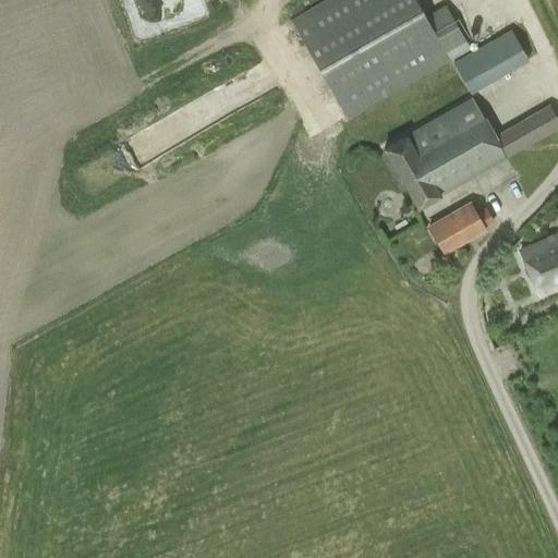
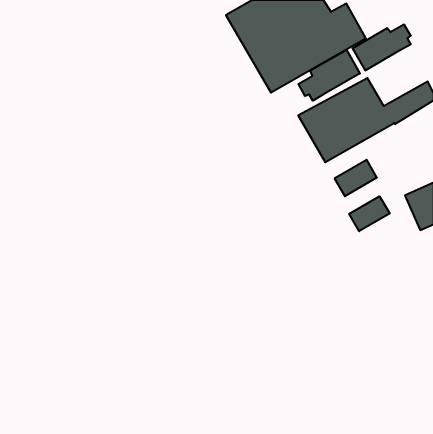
building: none -> [298,50,360,101]
building: none -> [349,196,390,231]

